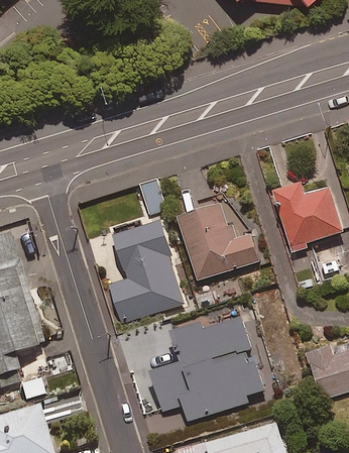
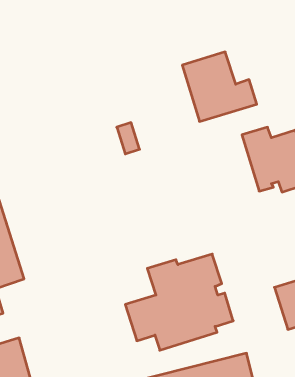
building: [180,204,258,277] -> [182,52,257,121]
building: [108,219,182,319] -> none

